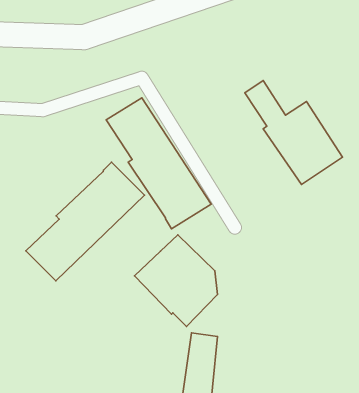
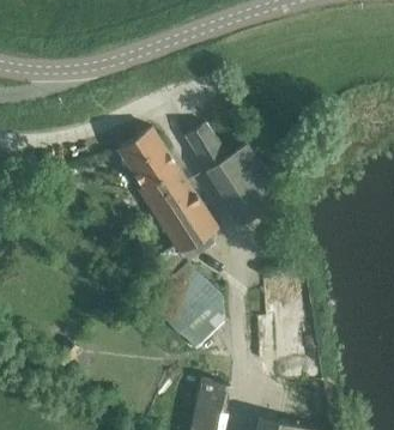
building: [245,80,342,184] -> [186,122,280,223]
building: [26,162,144,281] -> none

